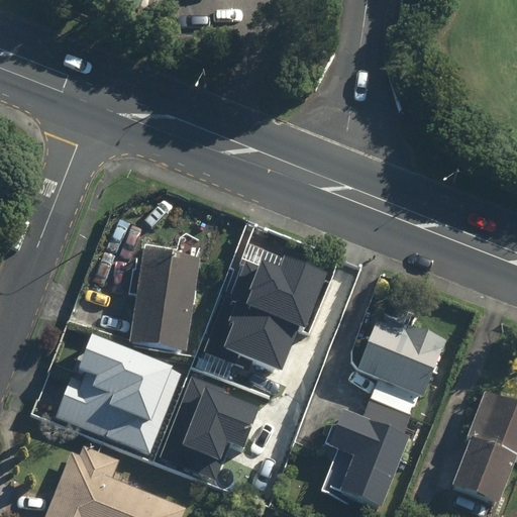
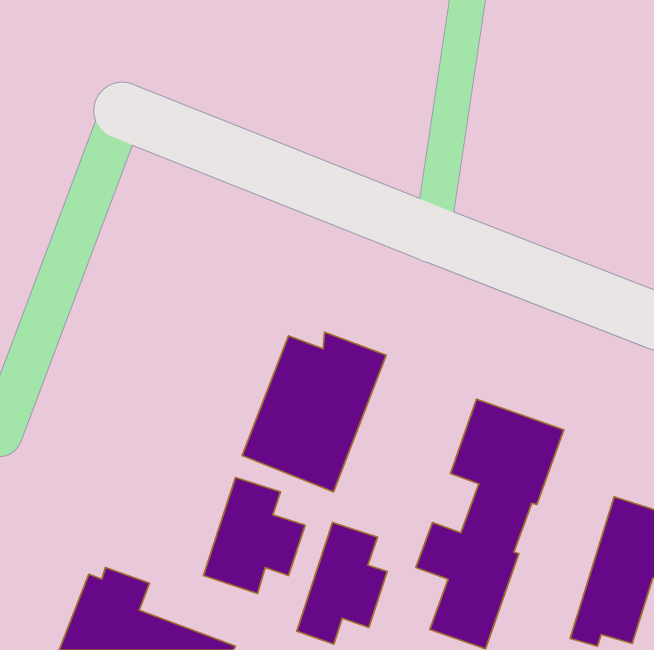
building: [130,247,200,351] -> none
building: [48,338,172,454] -> none
building: none -> [297,523,387,644]

